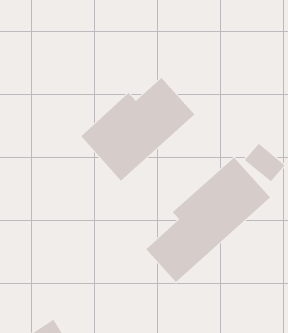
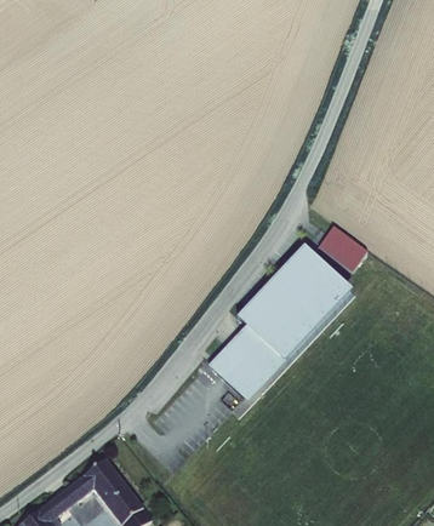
building: [81,77,195,181] -> none

